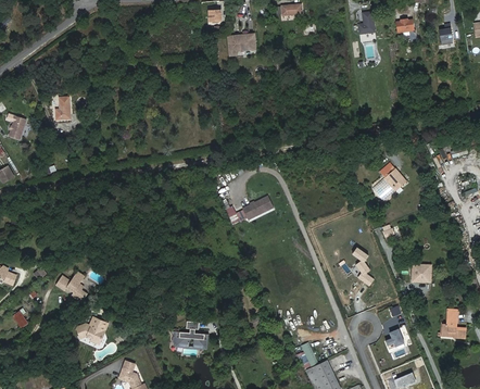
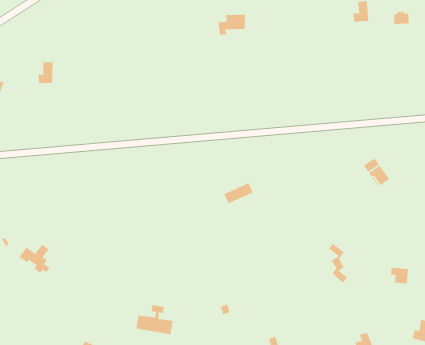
building: [75,317,106,343] -> none

